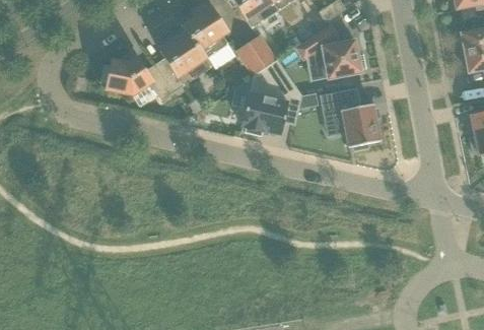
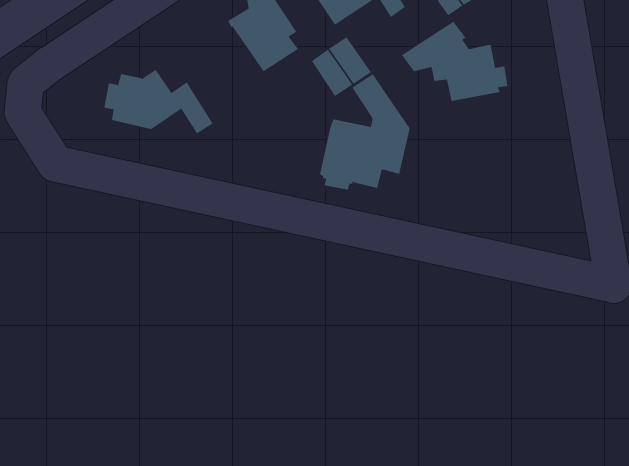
building: [155,28,211,91] -> none
building: [321,88,379,149] -> none

